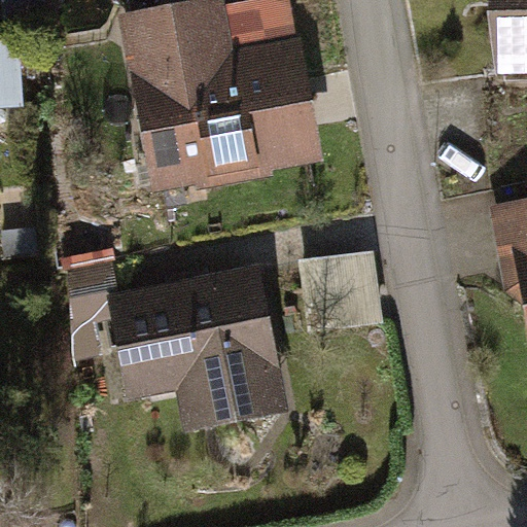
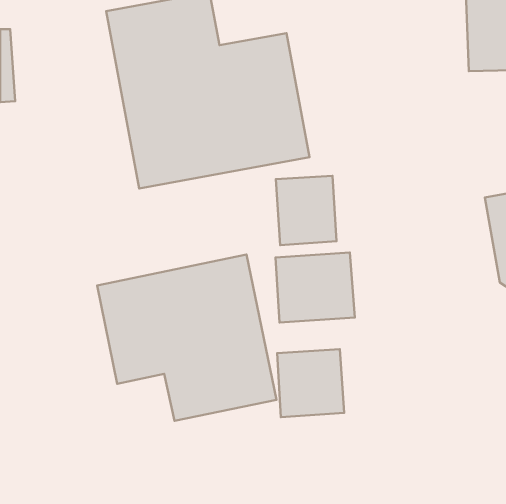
building: none -> [276,176,337,245]
building: none -> [277,349,344,417]

